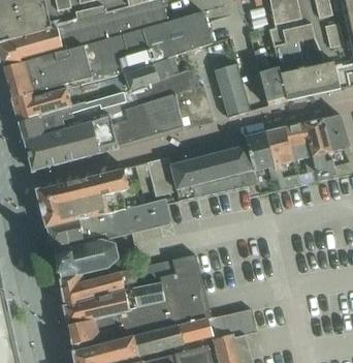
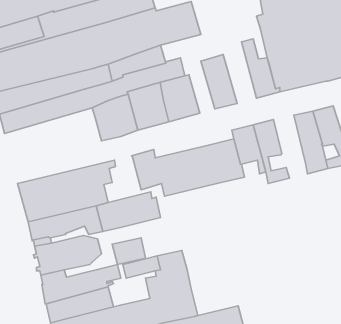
building: [23,116,117,170] -> none
building: [283,123,314,171] -> none
building: [131,281,163,307] -> [112,238,145,264]

